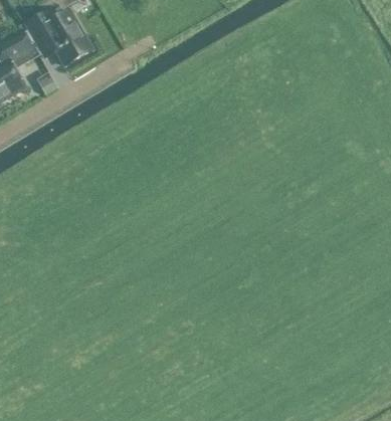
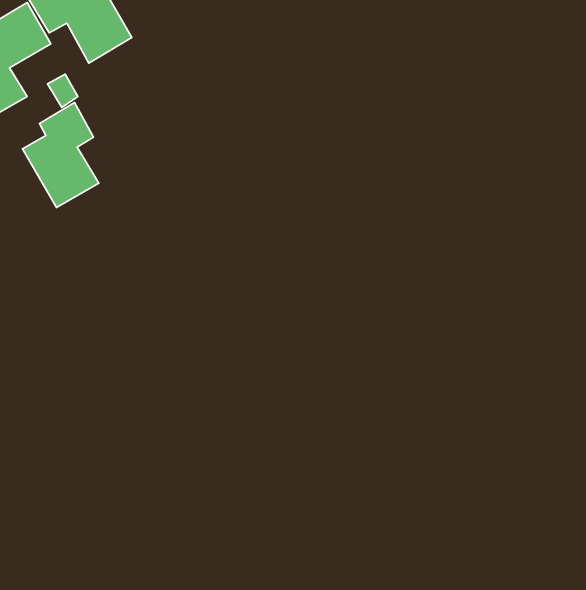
building: none -> [22,103,99,207]

